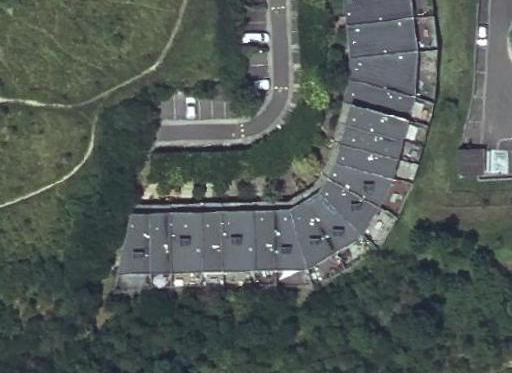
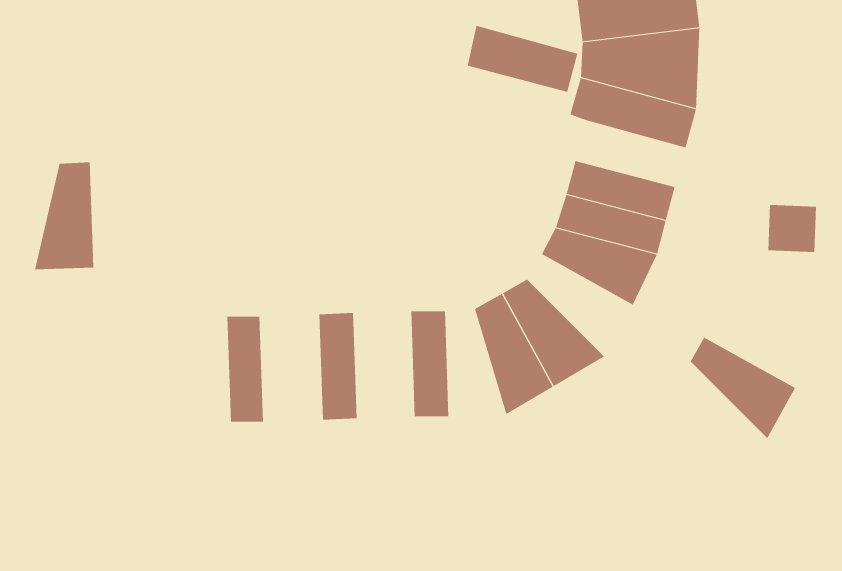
building: [347,100,410,138] -> [467,25,578,92]
building: [320,176,380,234] -> [690,337,796,439]
building: [274,207,308,268] -> none
building: [222,208,256,269] -> none
building: [169,210,204,271] -> none
building: [118,211,152,272] -> [34,162,94,270]

